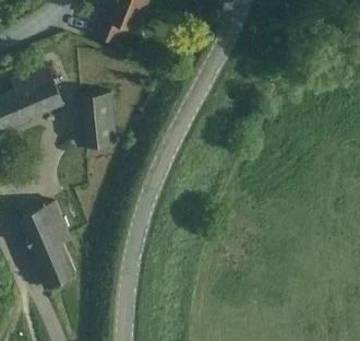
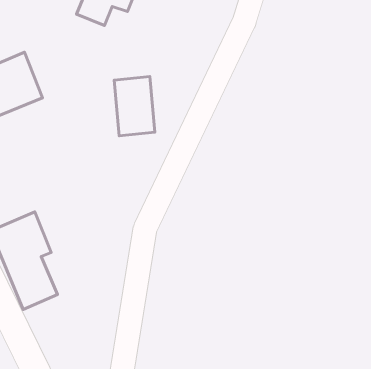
building: [82,96,117,148] -> [114,76,155,136]

